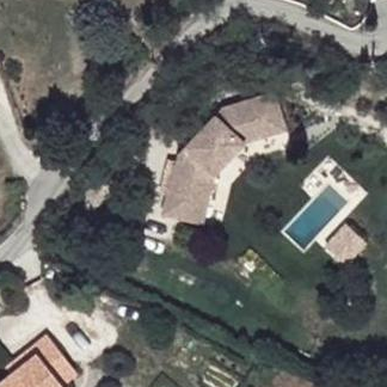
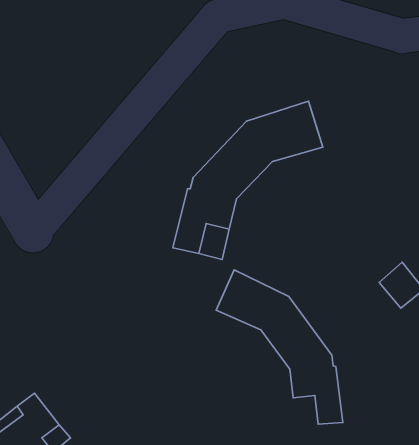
building: none -> [216,270,343,424]

